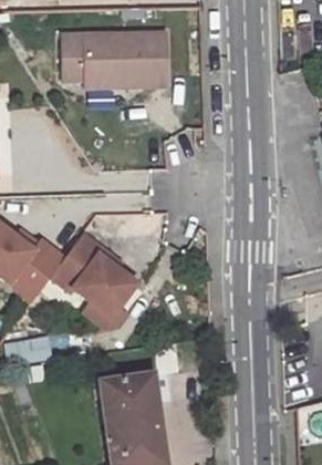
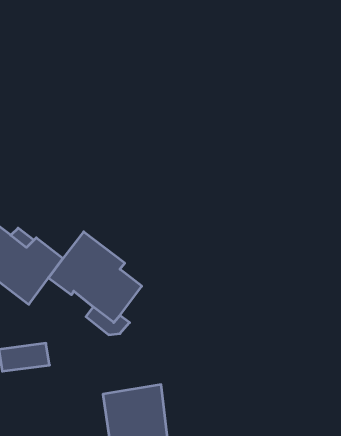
building: [63,32,167,87] -> none

